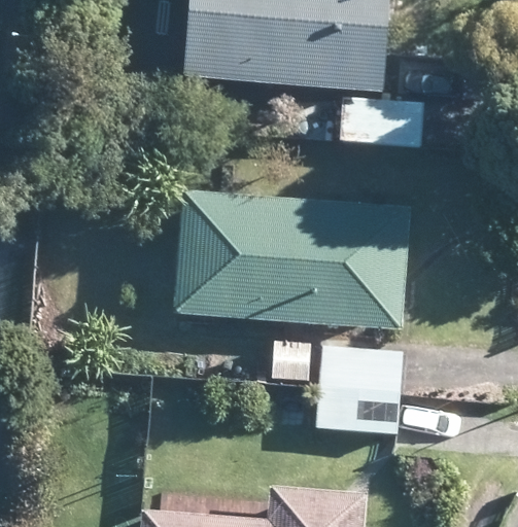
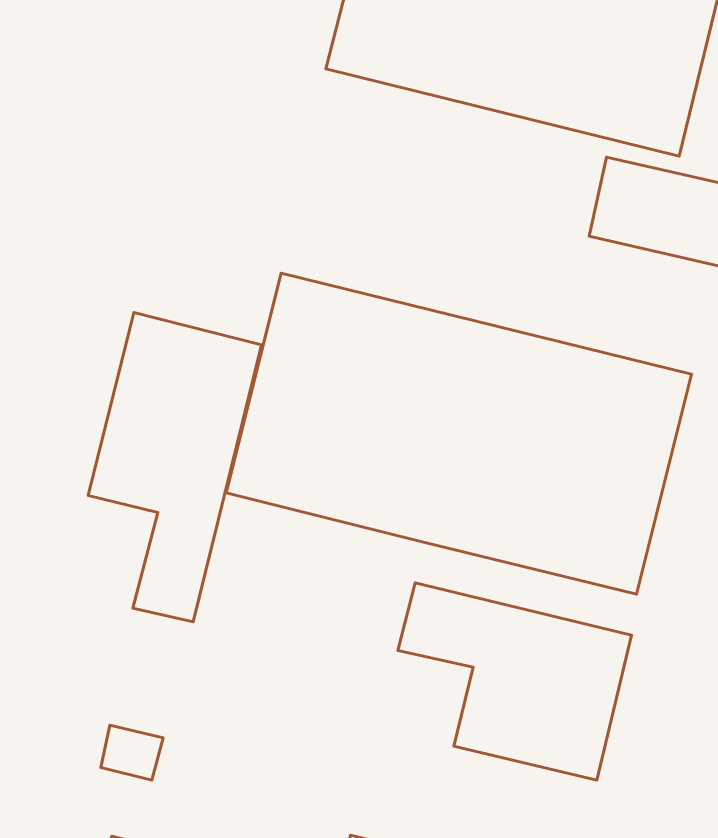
building: none -> [88,312,261,622]

